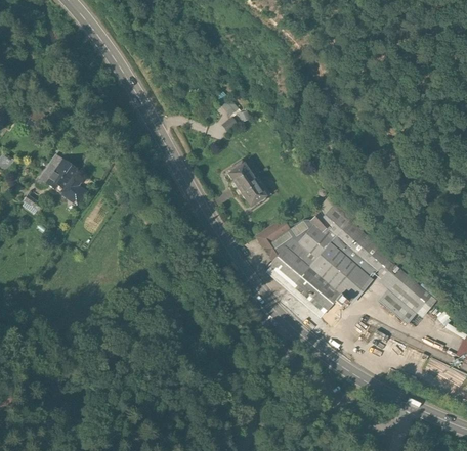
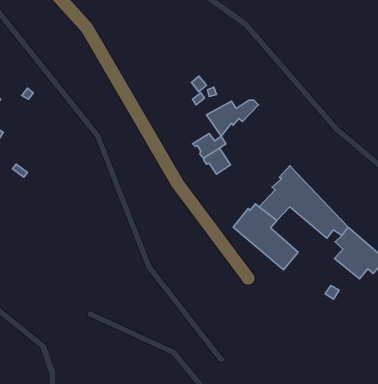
building: [38,156,85,204] -> none
building: [257,219,314,259] -> [206,100,258,136]
building: [309,242,374,303] -> none

